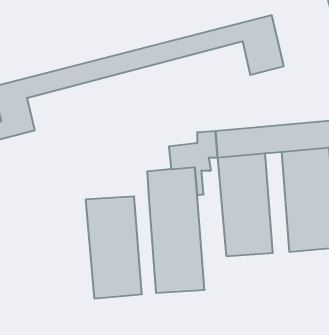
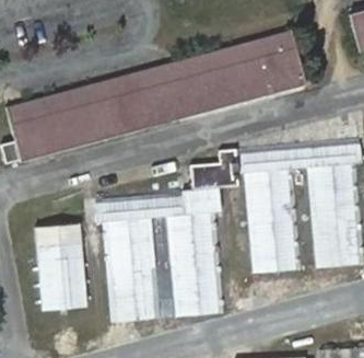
building: none -> [46,57,271,147]
building: none -> [97,188,168,218]
building: none -> [38,219,87,317]

